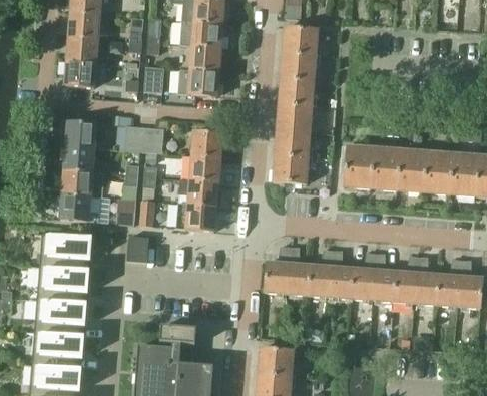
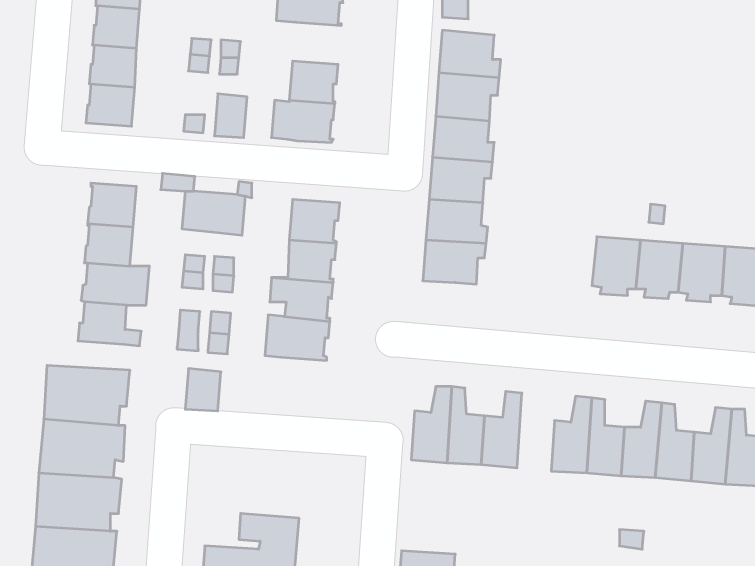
building: [180,21,222,47] -> none
building: [344,150,380,187] -> none
building: [331,250,354,298] -> none

